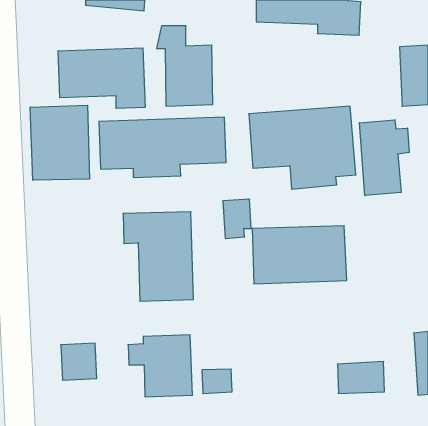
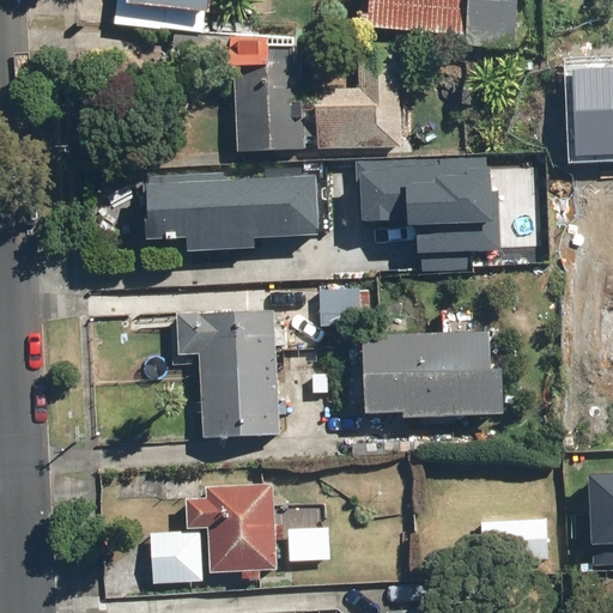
building: none -> [315,55,401,151]
building: [58,48,145,108] -> none
building: [30,105,89,180] -> none
building: [359,120,409,196] -> none
building: [61,343,97,380] -> [148,528,200,581]

